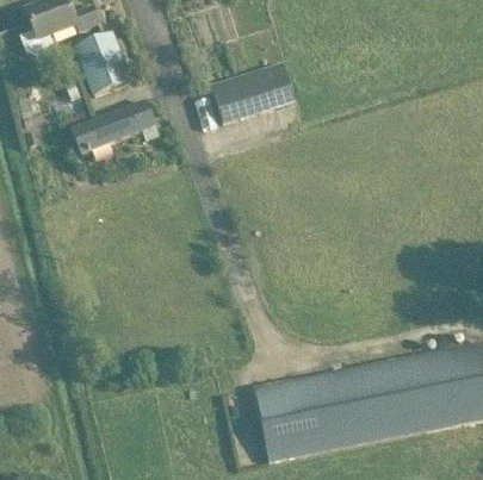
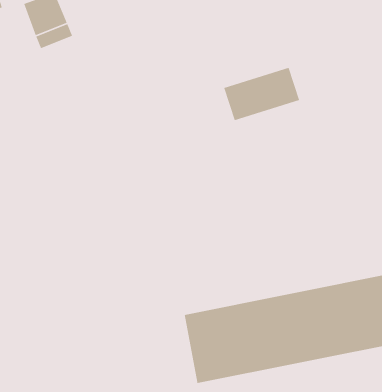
building: [210,62,295,121] -> [223,67,300,121]
building: [70,100,154,152] -> none

